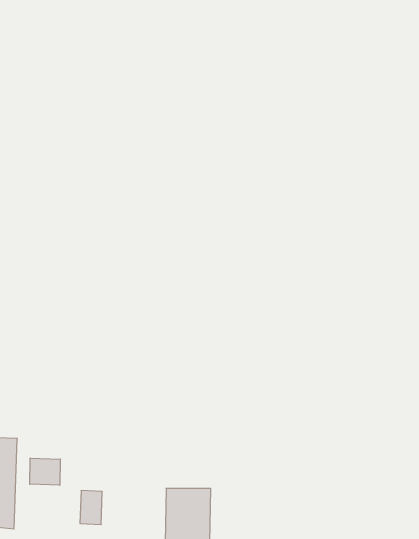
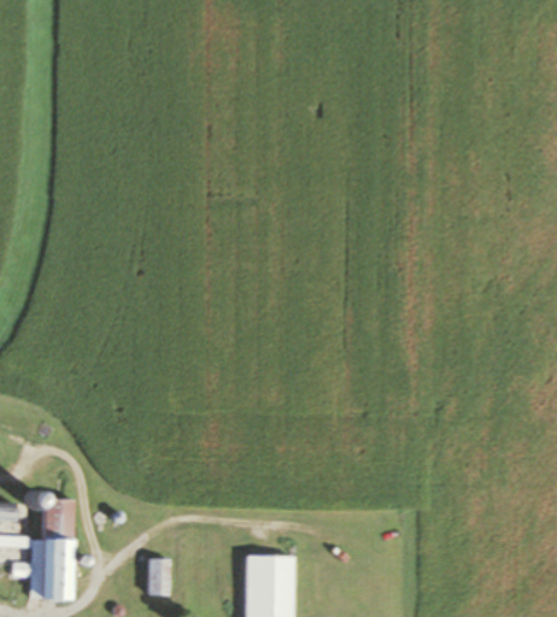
building: [30,458,60,485] -> none

